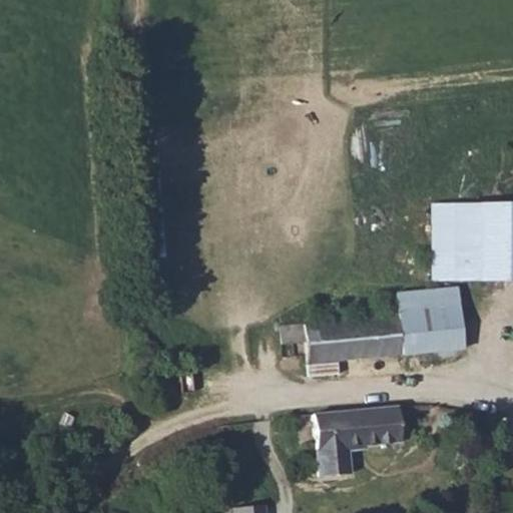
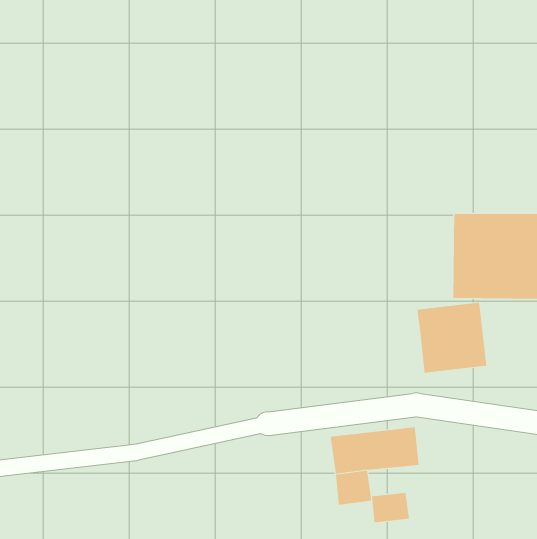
building: [283,315,405,365] -> none
building: none -> [372,492,409,523]

